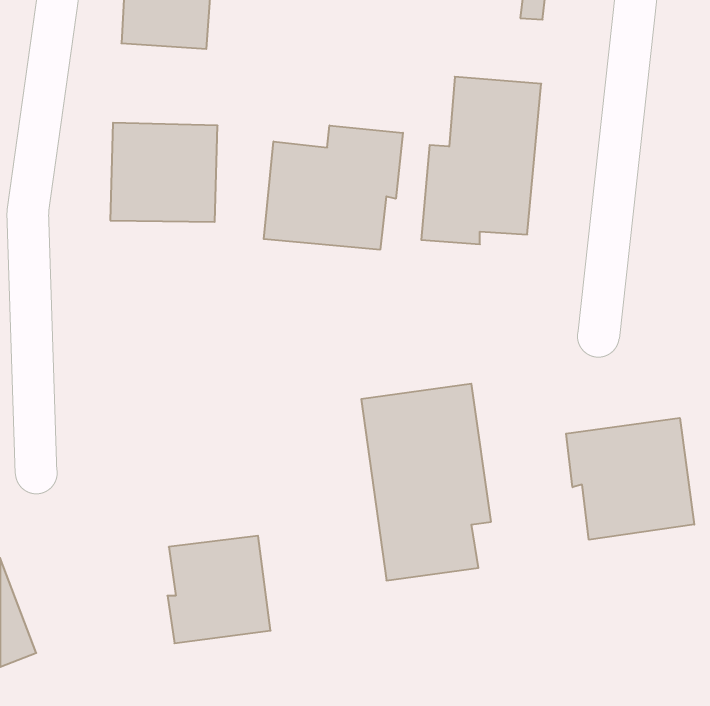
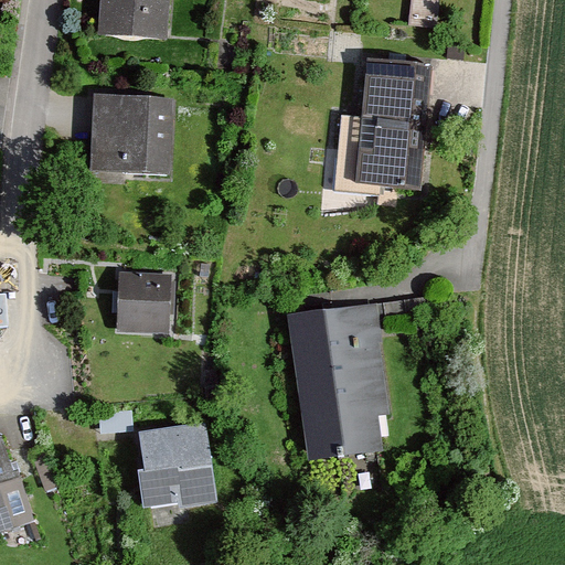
building: [264,125,403,250] -> none
building: none -> [115,268,175,331]
building: [566,418,694,540] -> none

